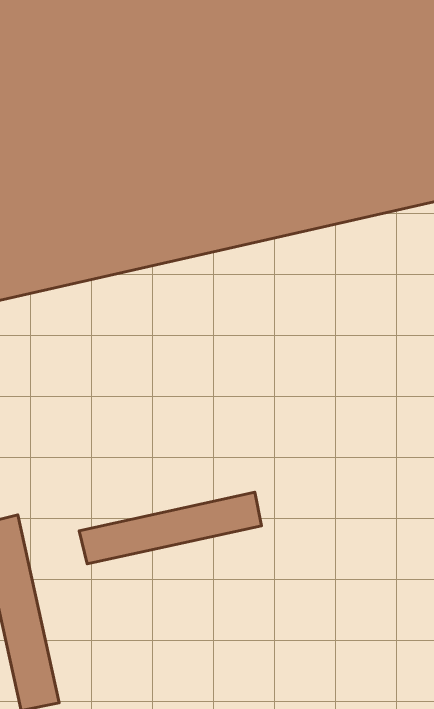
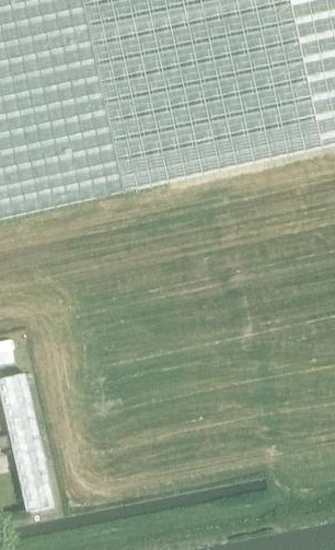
building: [79,492,261,564] -> none

